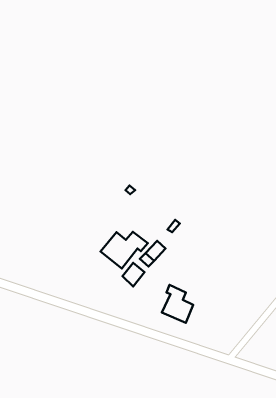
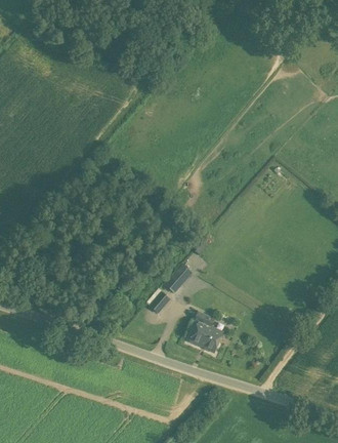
building: [101,232,148,269] -> none

